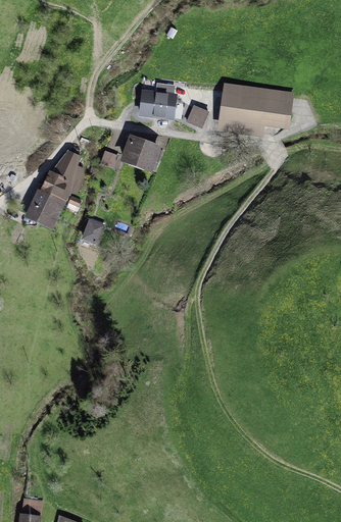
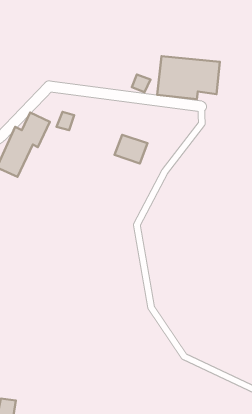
building: [138,82,177,119] -> none
building: [121,136,161,170] -> [115,135,148,163]
building: [82,220,110,248] -> none

